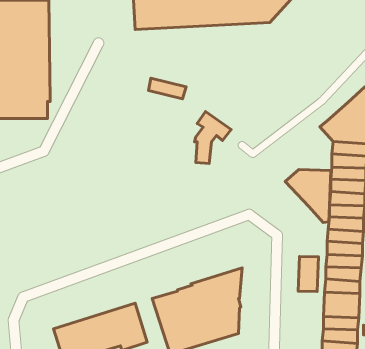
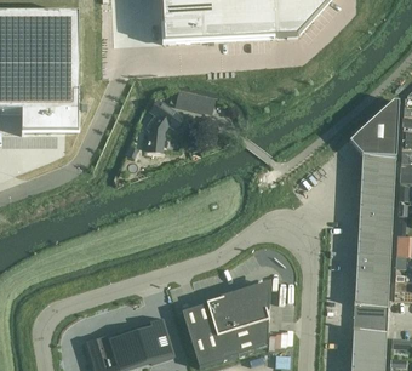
building: [195,111,231,164] -> [147,98,183,150]
building: [285,169,331,222] -> none
building: [298,257,319,292] -> none

